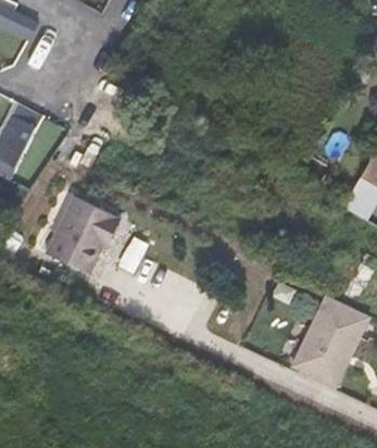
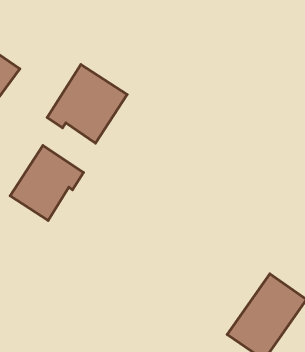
building: none -> [47,64,127,143]

